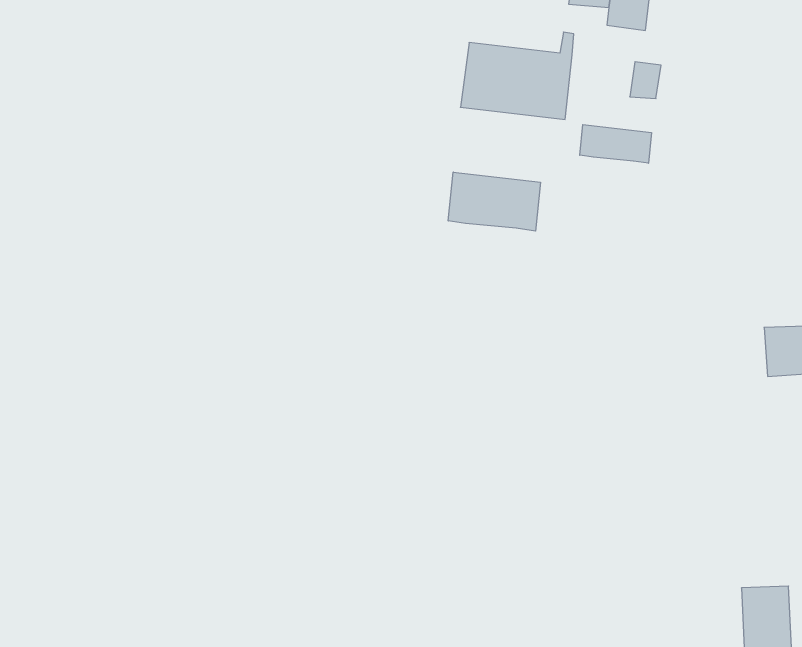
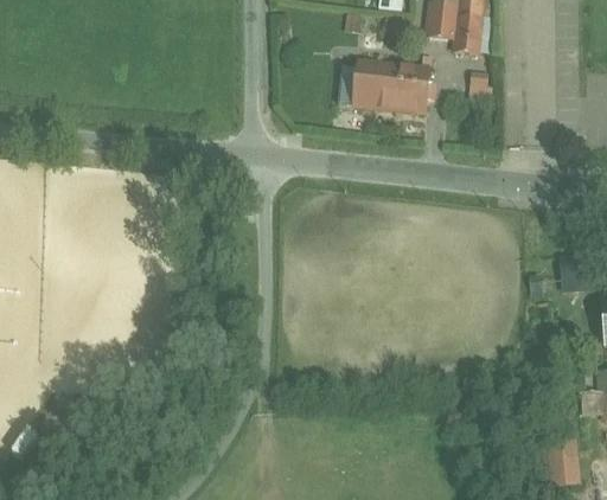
building: [580,125,651,163] -> none
building: [448,172,540,231] -> none

